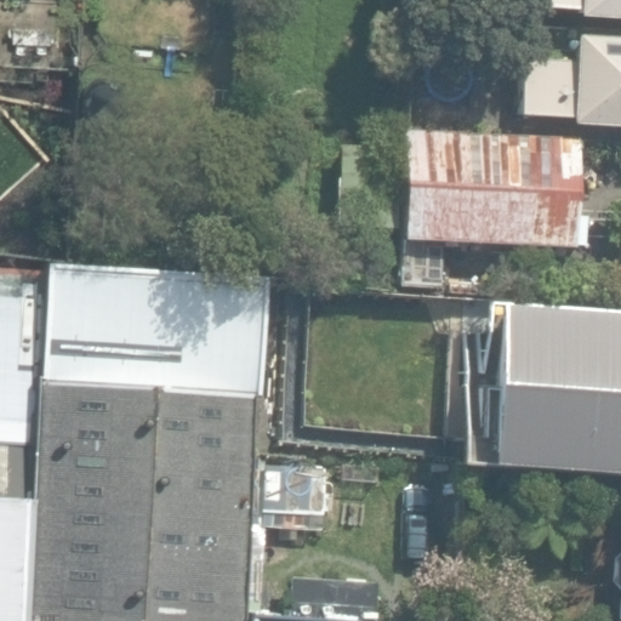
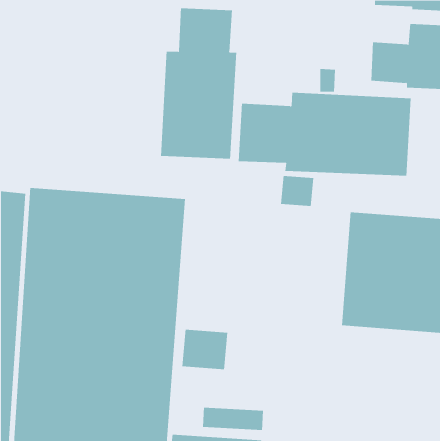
building: none -> [161,8,237,160]

